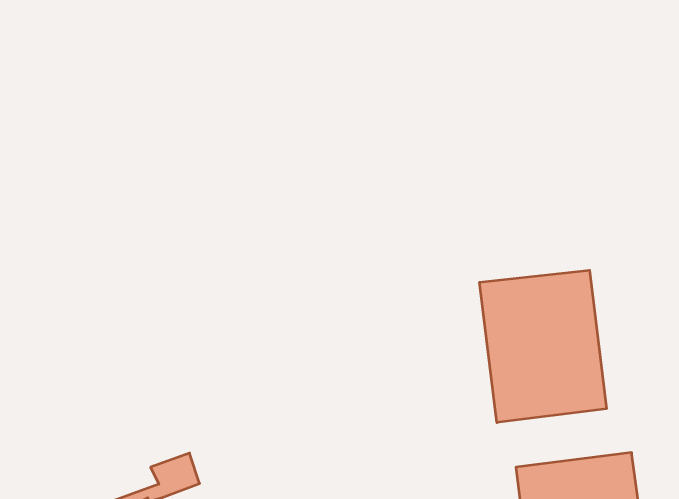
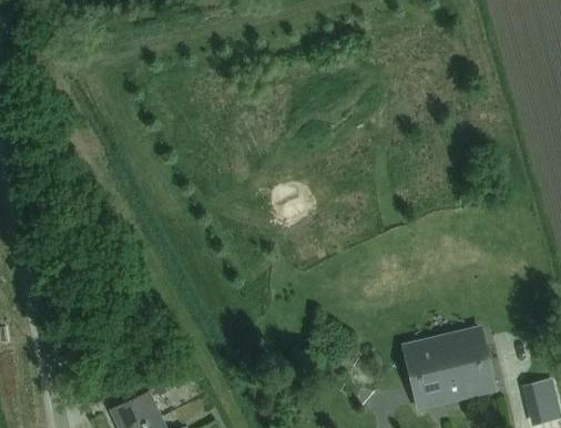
building: [480,270,606,423] -> none

